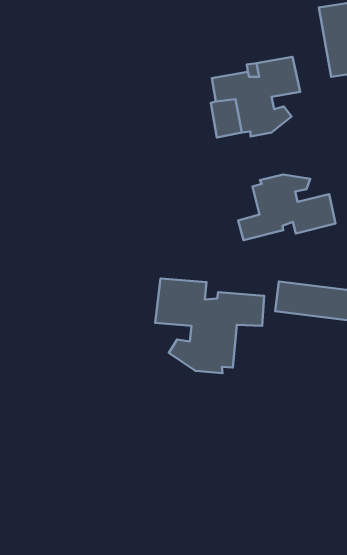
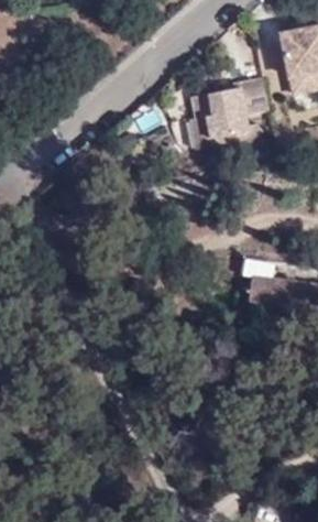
building: [238,174,335,240] -> none
building: [155,278,264,373] -> none

